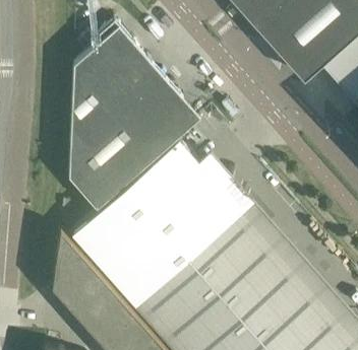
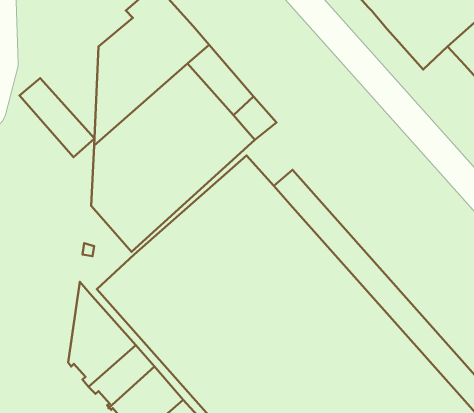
building: none -> [20,78,94,157]

